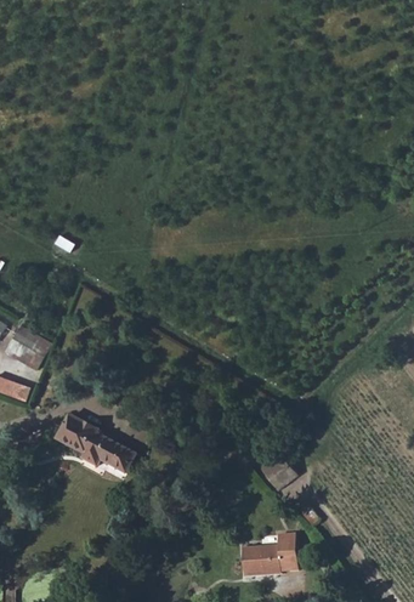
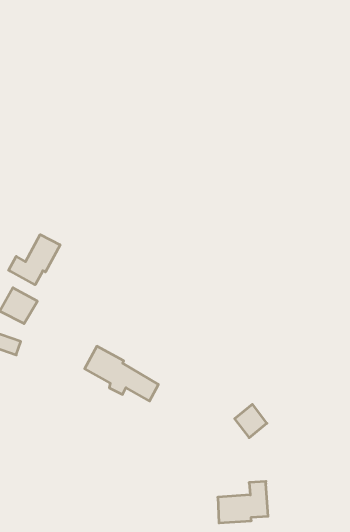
building: none -> [9,235,60,285]
building: [53,414,134,473] -> [85,346,158,401]

